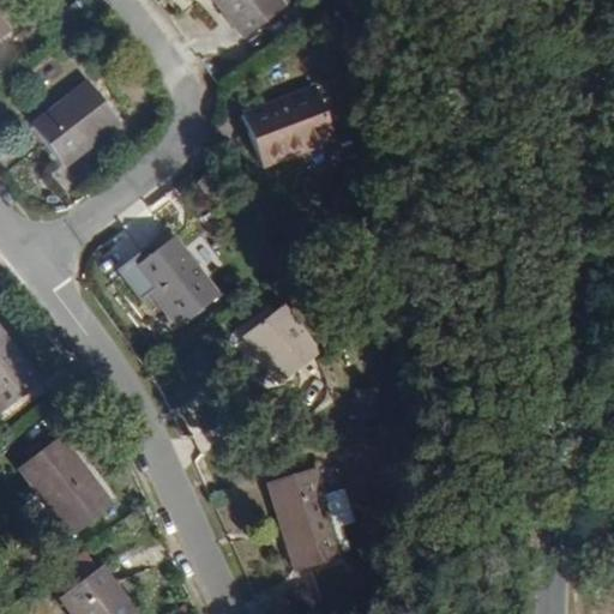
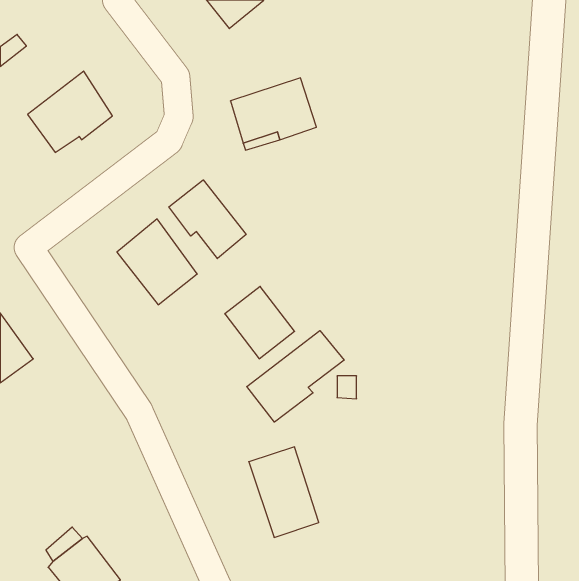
building: none -> [169,180,246,259]
building: none -> [247,331,344,422]
building: [12,421,100,531] -> none

